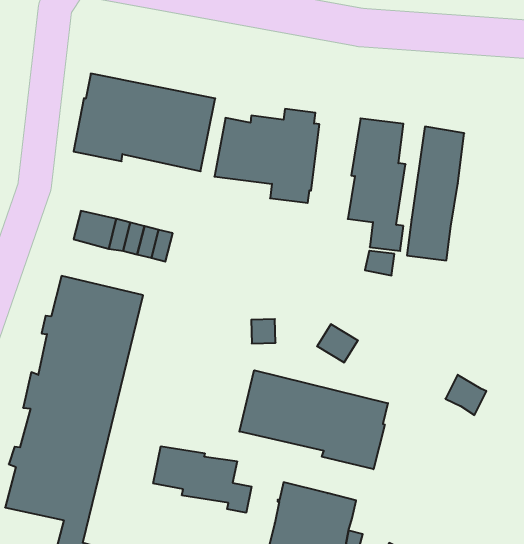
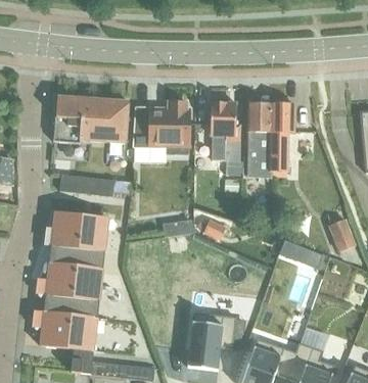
building: none -> [270,103,293,170]
building: [239,370,388,469] -> none
building: [153,446,252,513] -> none

